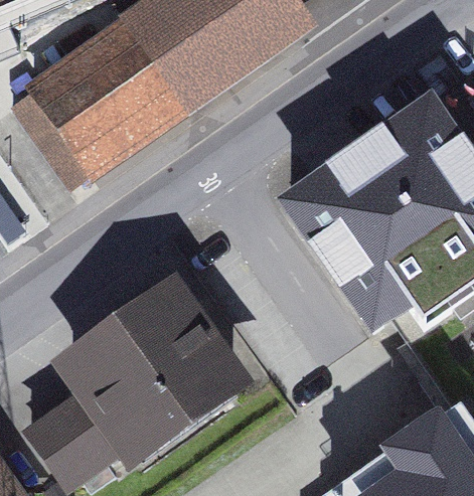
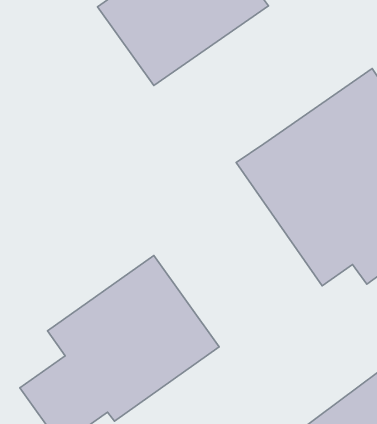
building: [26,21,176,170] -> none

